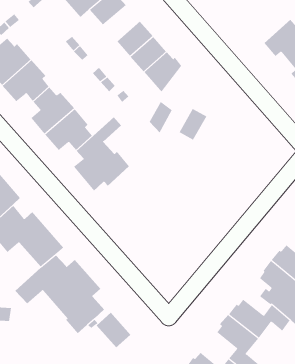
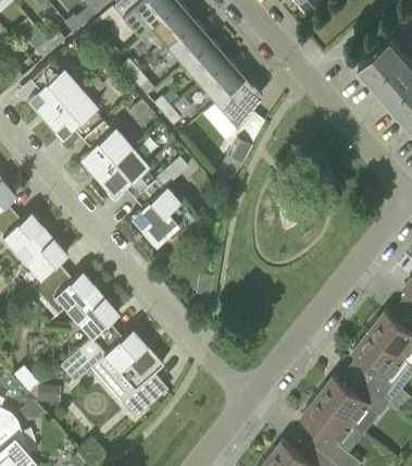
building: none -> [165,22,210,65]
building: [179,108,207,141] -> none
building: [96,312,131,348] -> none

